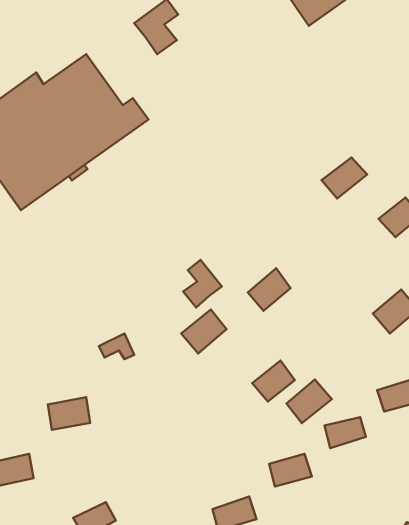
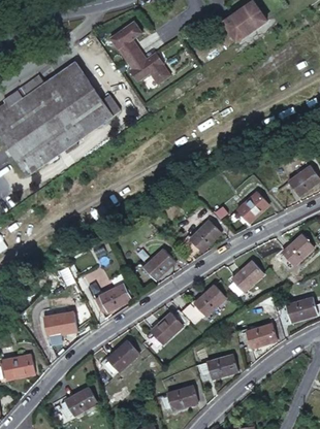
building: none -> [126,53,170,86]
building: [322,157,367,199] -> [237,192,270,222]
building: [183,260,222,307] -> none
building: none -> [98,283,130,310]
building: [286,379,332,423] -> [232,261,265,293]
building: none -> [150,314,183,344]
building: none -> [106,341,139,373]

